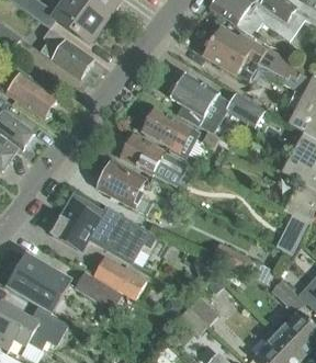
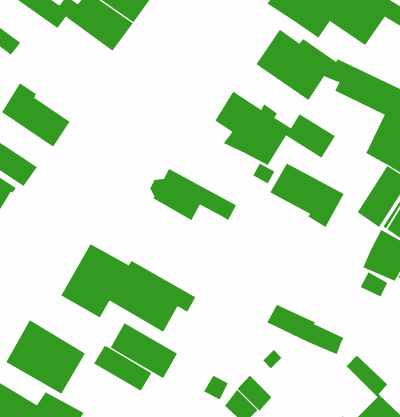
building: [35,25,95,80] -> none
building: [140,109,199,159] -> [270,163,344,228]
building: [97,161,150,215] -> none

